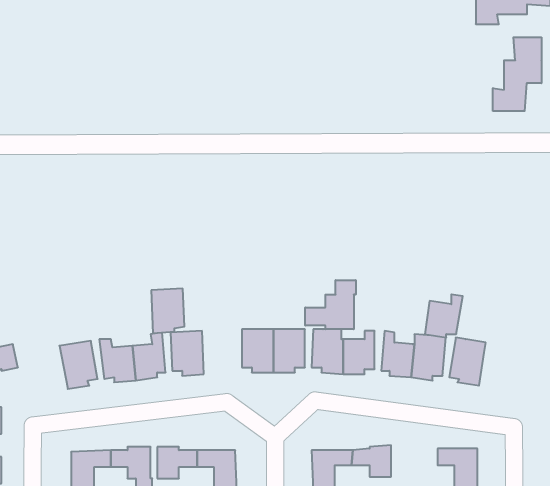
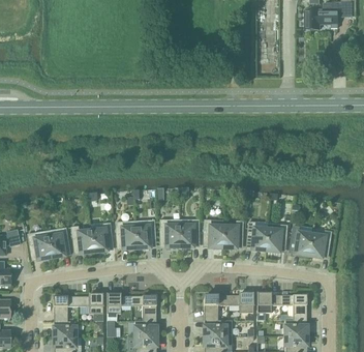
building: [493,37,541,111] -> none
building: [305,280,356,329] -> none
building: [151,289,184,333] -> [135,219,156,247]
building: [425,294,463,337] -> [308,230,332,257]
building: none -> [28,230,52,259]
building: none -> [257,292,282,312]

